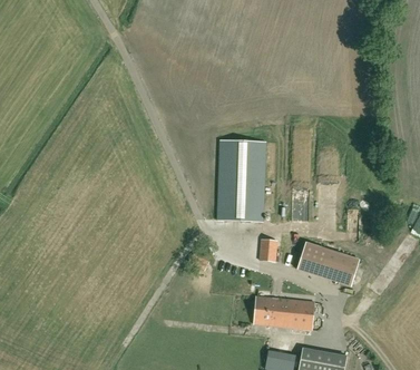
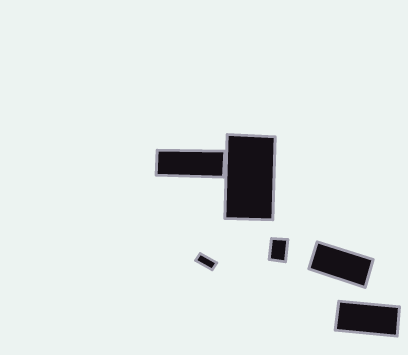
building: none -> [156,150,225,177]
building: [253,295,314,329] -> [335,301,400,336]

